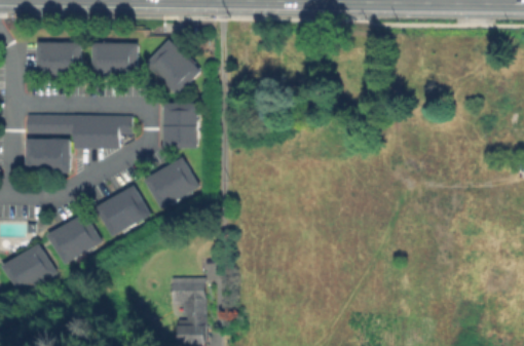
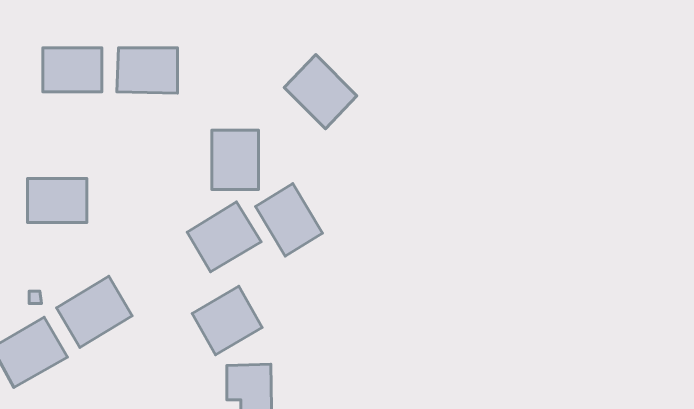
building: [146,40,200,95] -> [284,54,357,129]
building: [25,115,132,149] -> none
building: none -> [256,184,322,256]
building: [98,186,150,237] -> [192,286,262,355]

